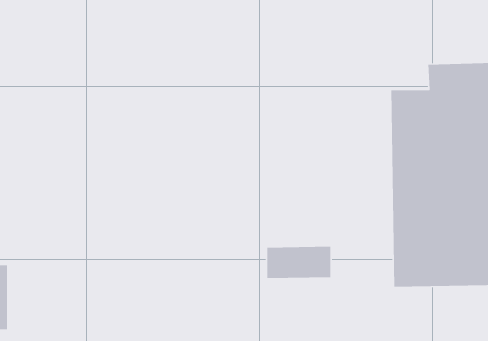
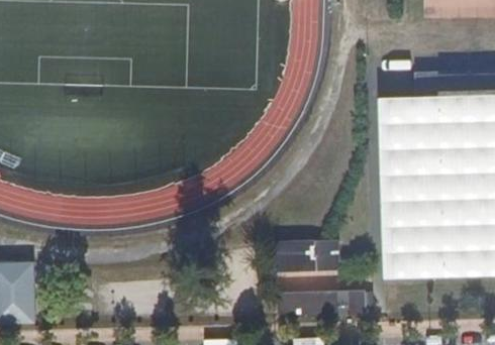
building: none -> [275,289,369,316]

